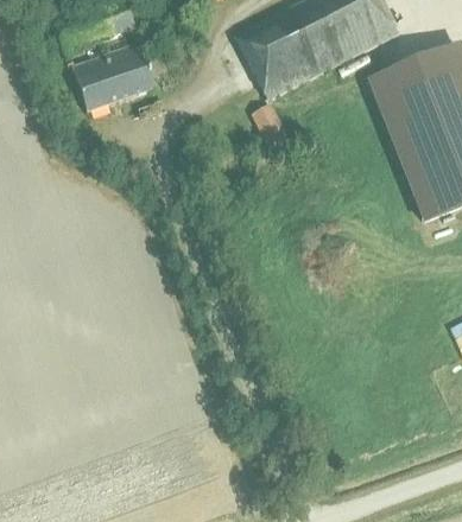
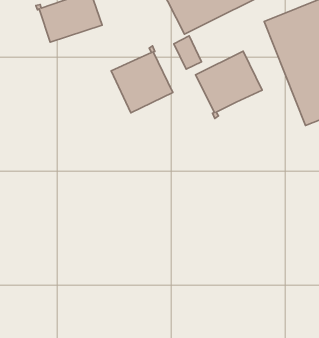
building: none -> [111,46,173,113]
building: none -> [195,51,262,118]

